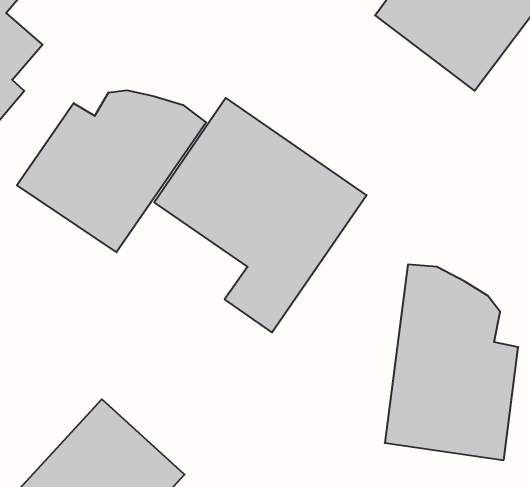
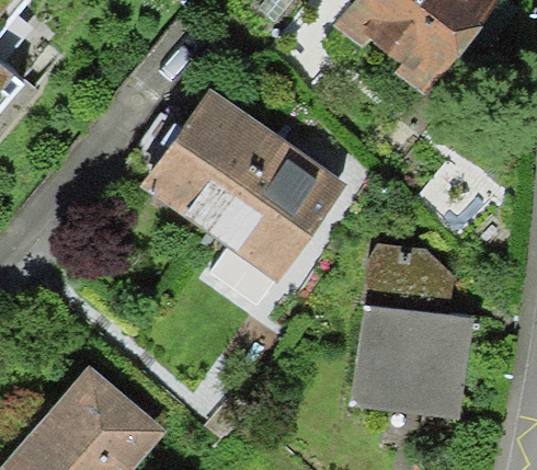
building: [17,90,206,252] -> none

